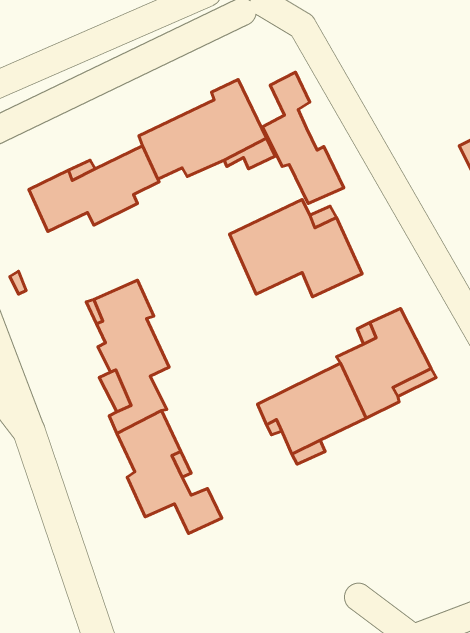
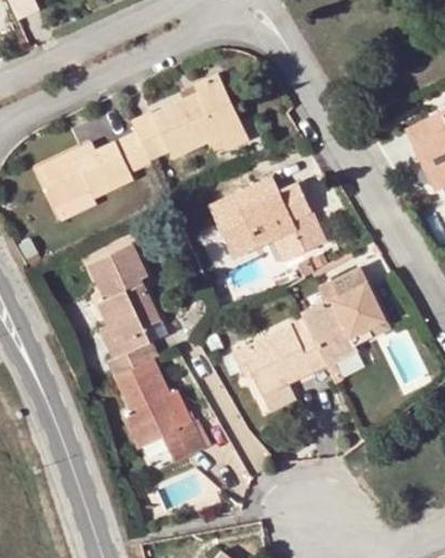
building: [262,72,344,203] -> none

